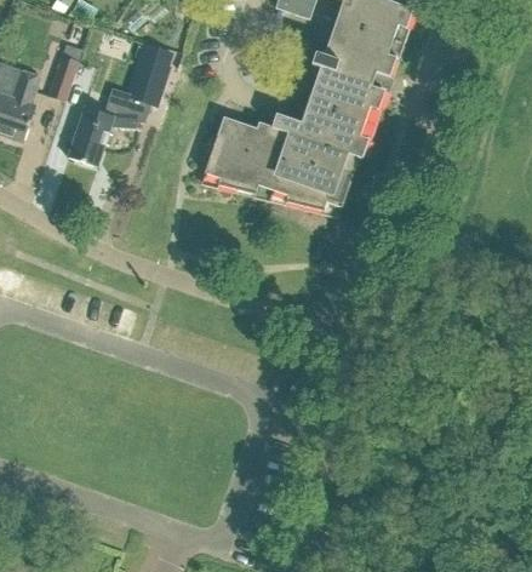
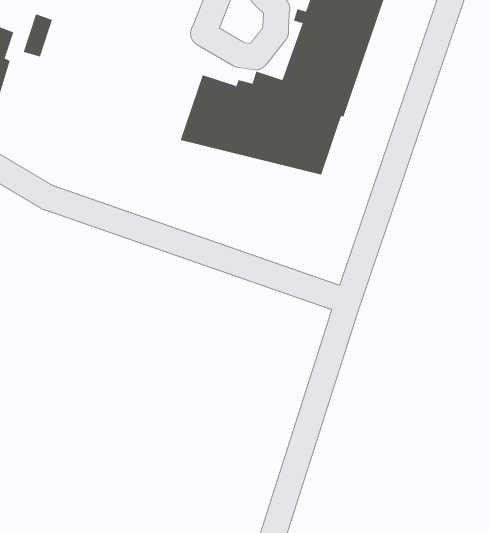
building: [69,57,167,166] -> none

